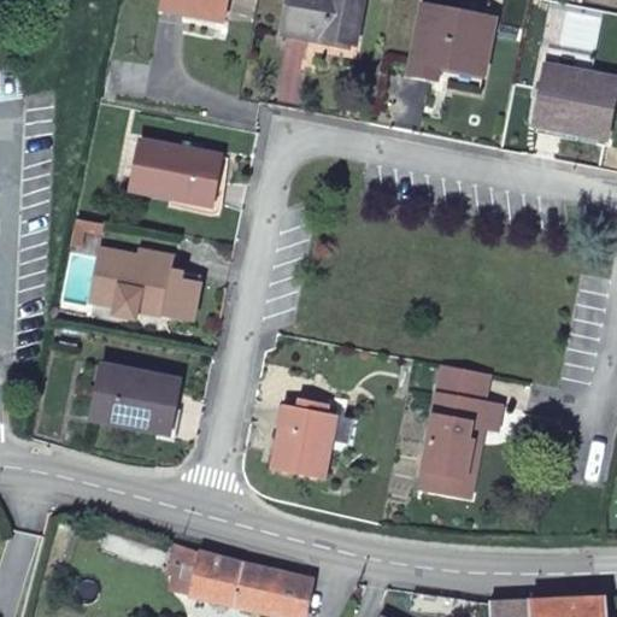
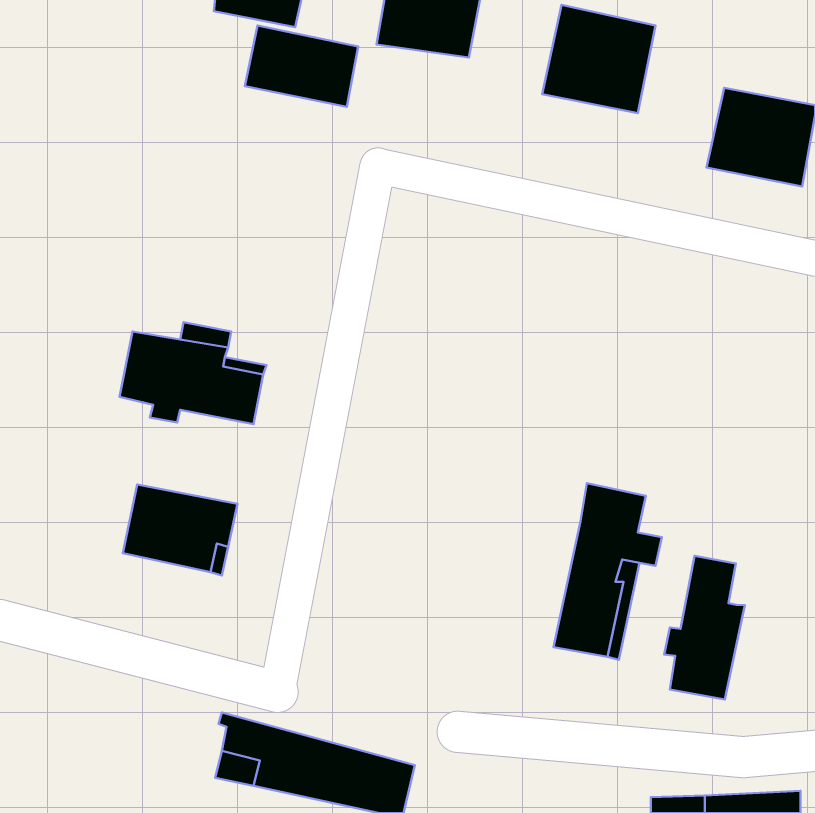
building: [134,142,219,204] -> [245,26,358,107]
building: [274,405,354,480] -> none
building: none -> [664,556,745,699]

